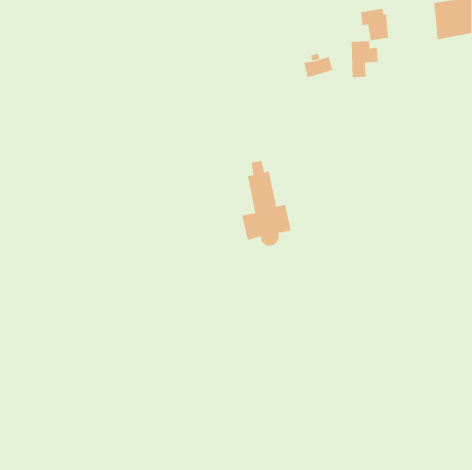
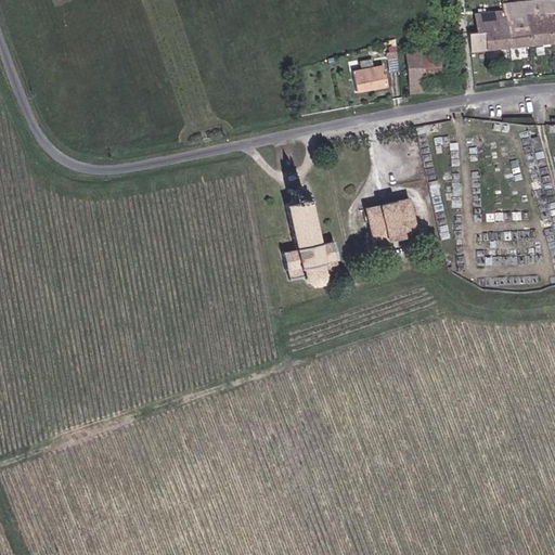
building: [360,8,389,41] -> [478,12,512,50]
building: none -> [366,197,414,241]

